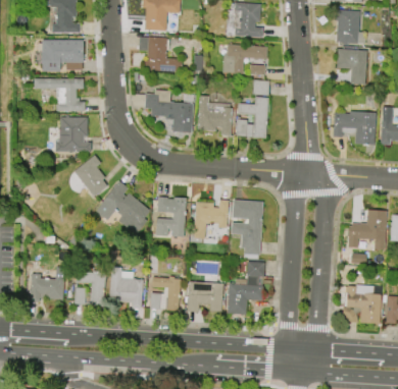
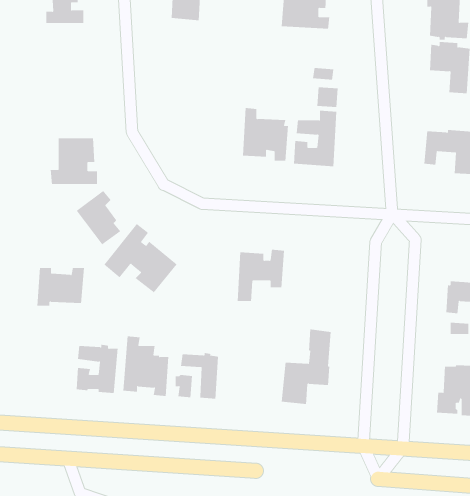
building: [140,37,183,71] -> none
building: [42,40,83,71] -> none
building: [223,45,267,73] -> none
building: [34,78,85,111] -> none
building: [145,90,194,132] -> none
building: [156,197,187,237] -> none
building: [232,200,263,259] -> none
building: [30,273,65,301] -> [37,268,85,306]
building: [188,281,223,312] -> none

